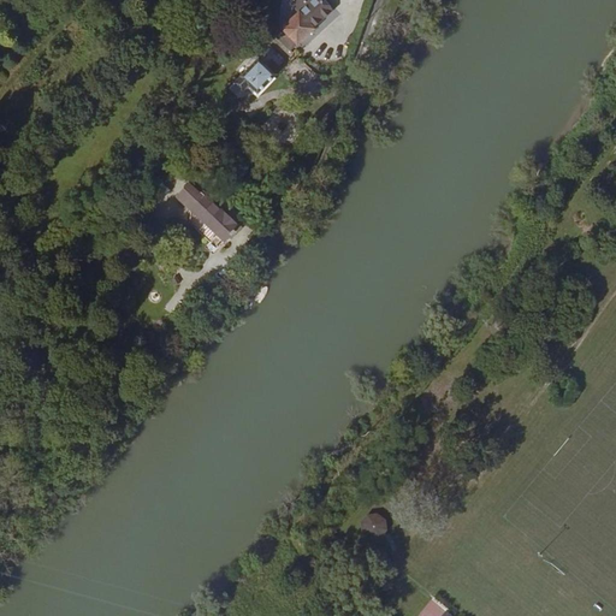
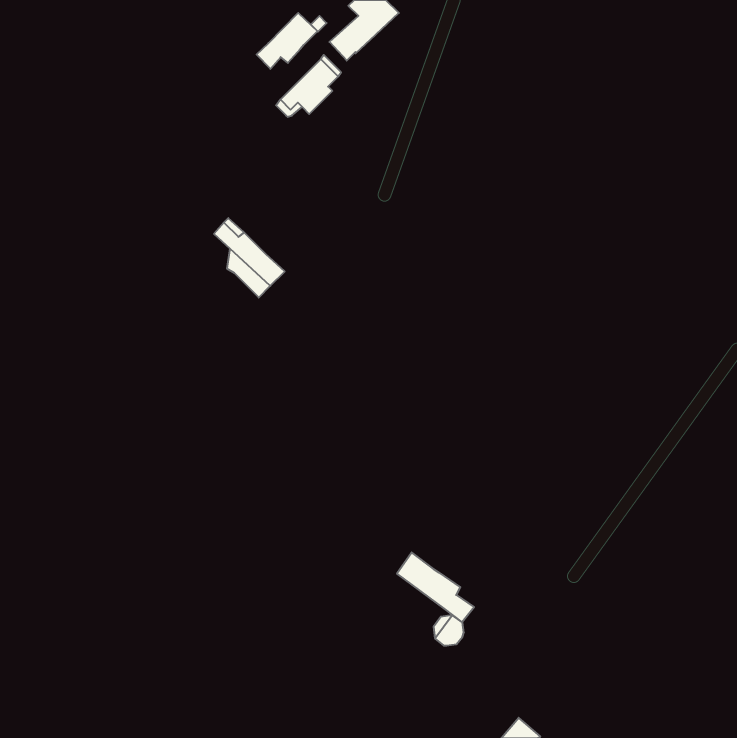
building: none -> [257,13,317,69]
building: none -> [397,552,474,622]

